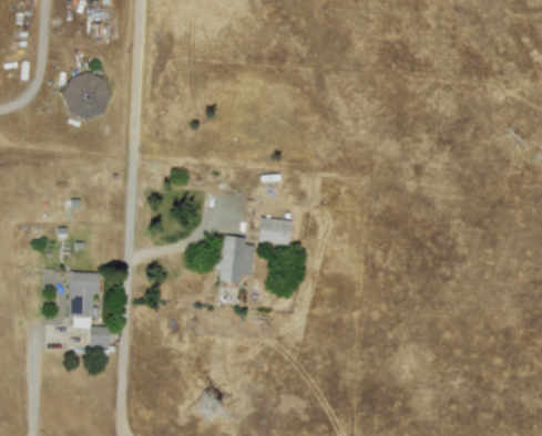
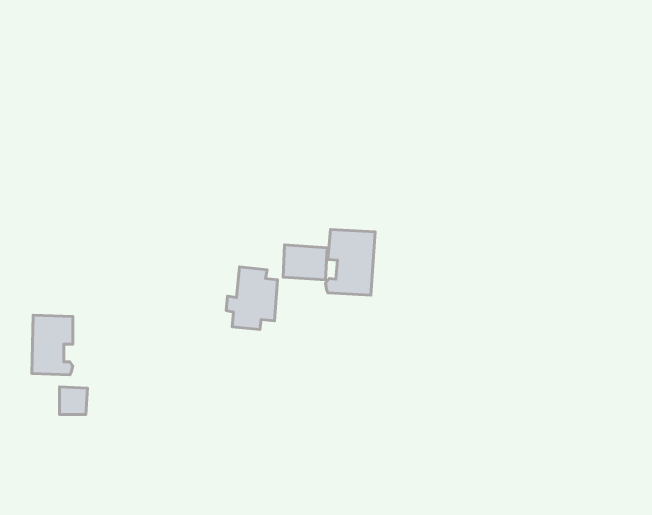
building: [61,70,113,122] -> none
building: none -> [325,229,375,295]

